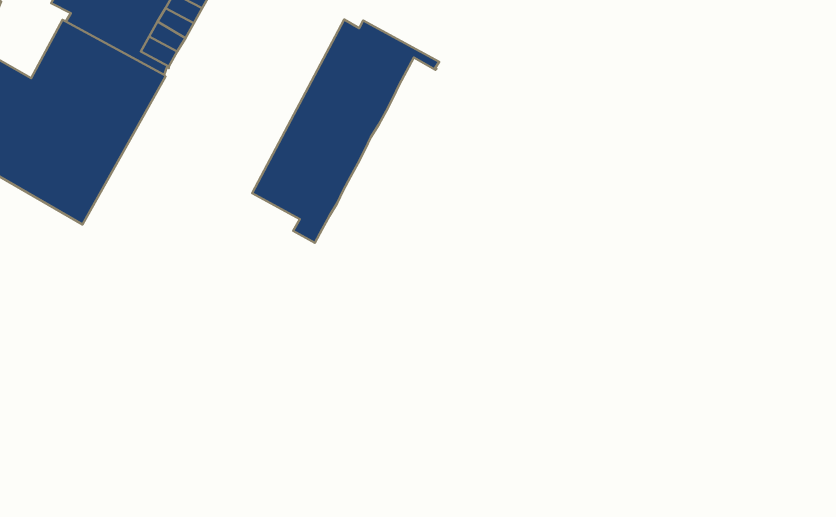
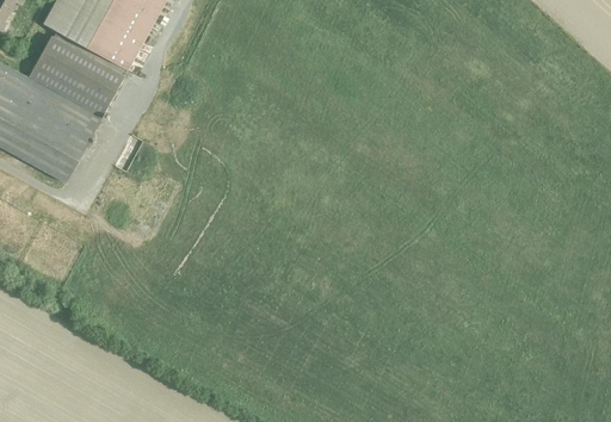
building: [252,19,439,243] -> none

